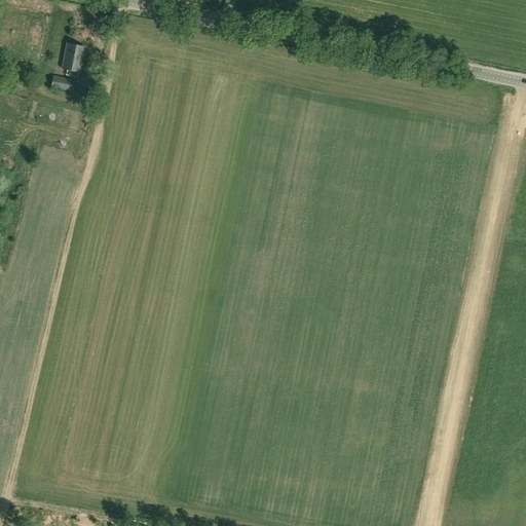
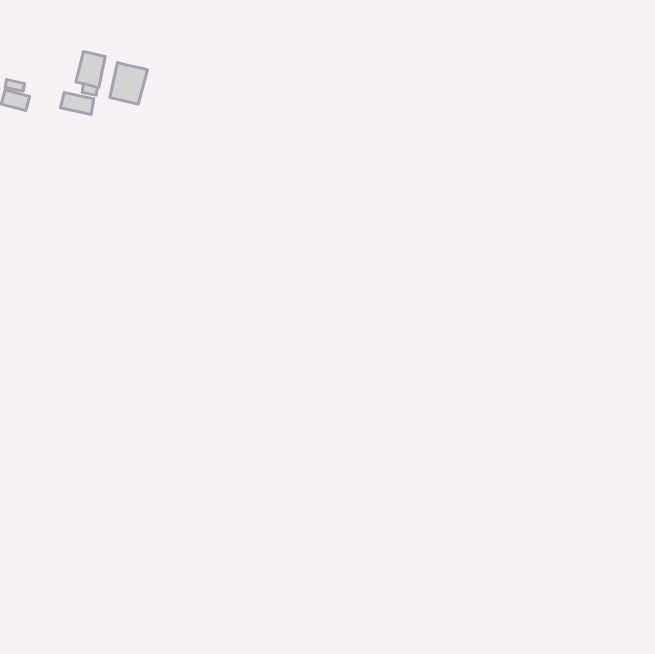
building: none -> [110,62,147,104]

